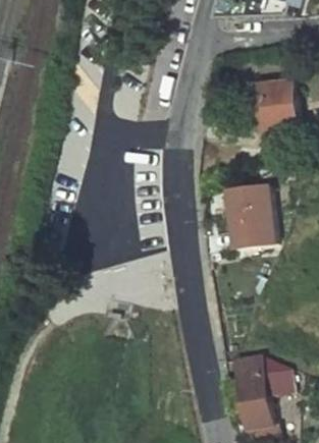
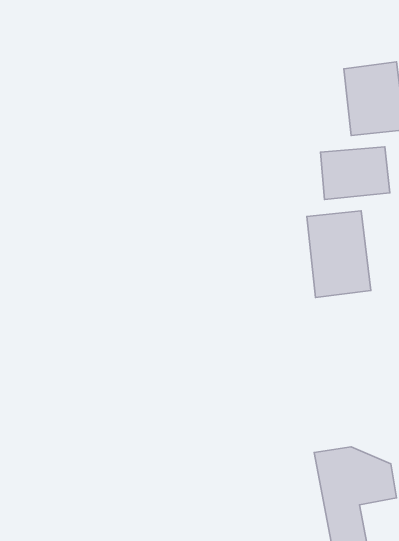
building: none -> [321,147,390,200]

